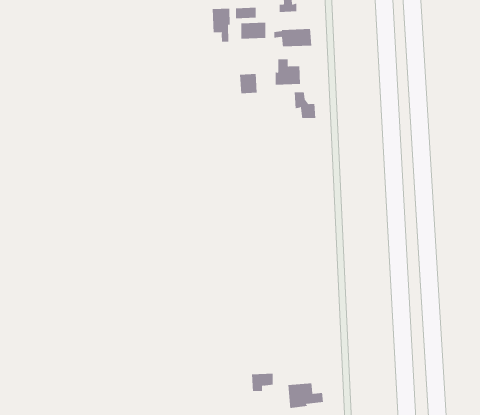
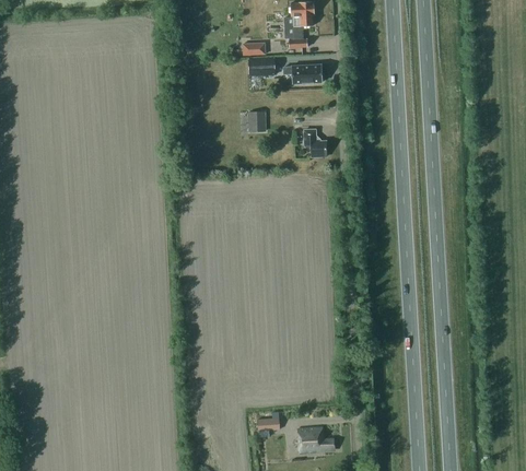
building: [212,8,230,42] -> none
building: [275,59,301,85] -> none

